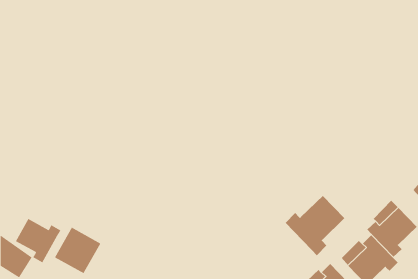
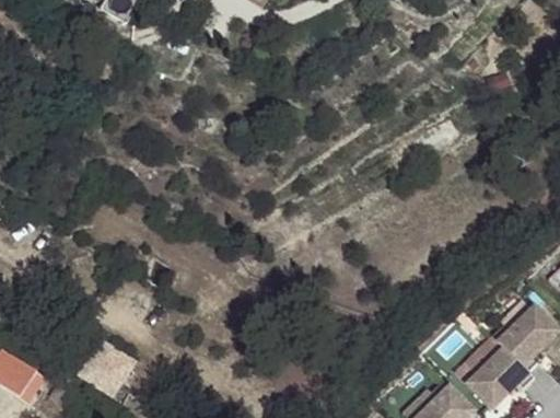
building: [285,195,345,256] -> none
building: [15,218,61,263] -> none

